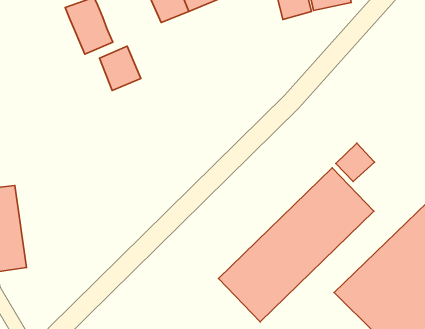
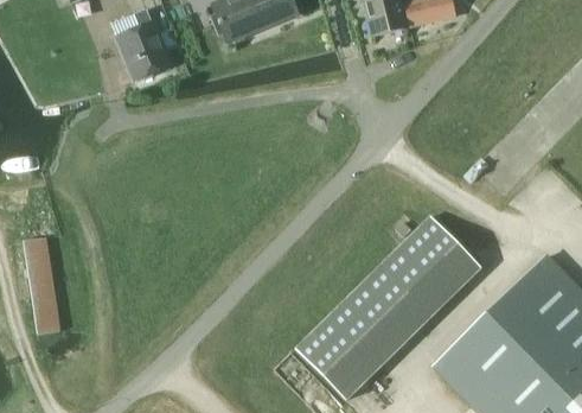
building: [100,46,141,90] -> none
building: [336,143,375,181] -> none

